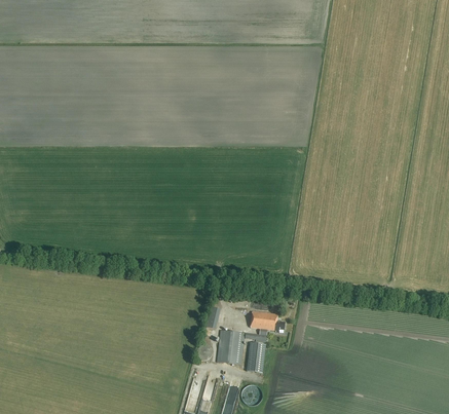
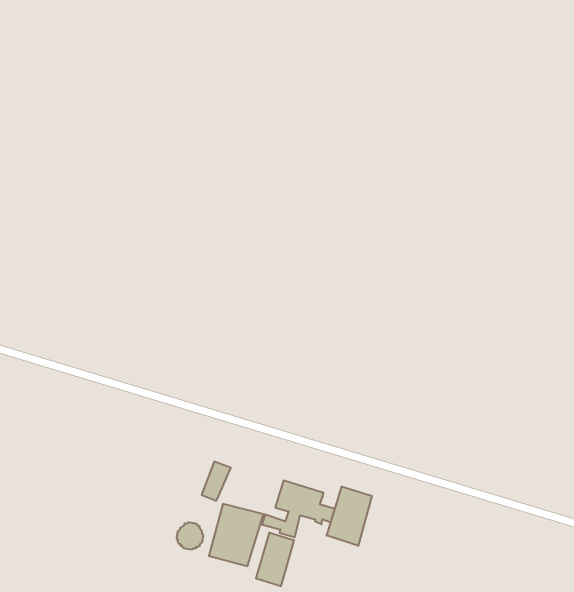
building: none -> [327,486,372,546]

